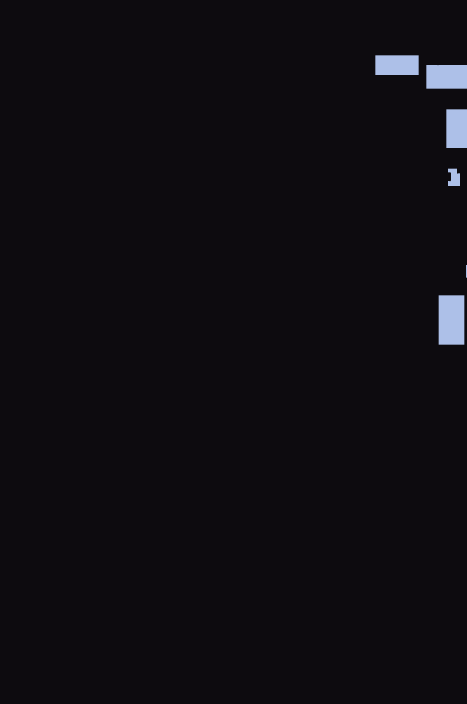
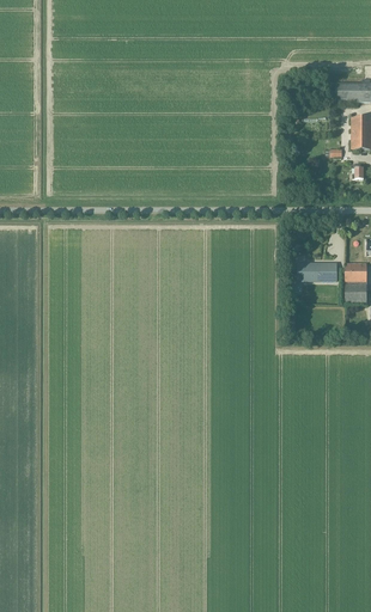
building: [375,54,419,76] -> none
building: none -> [297,263,336,280]

